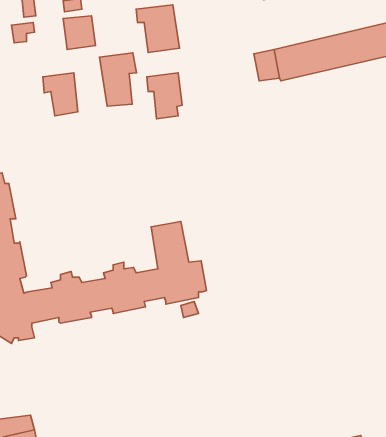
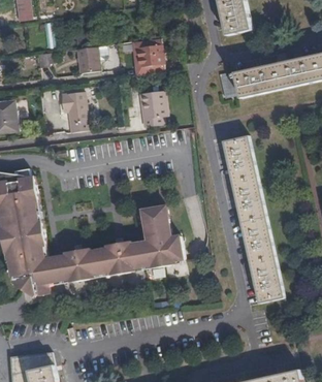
building: [100,53,136,106] -> none
building: none -> [224,136,284,303]

